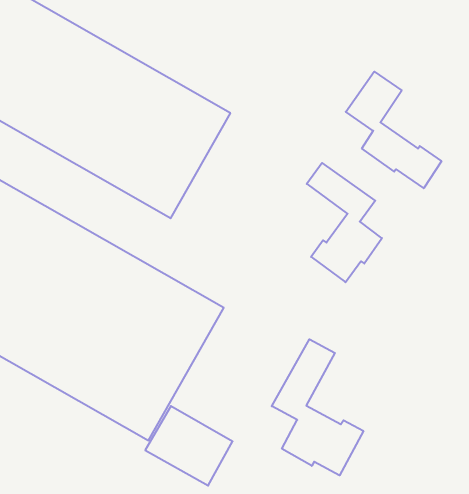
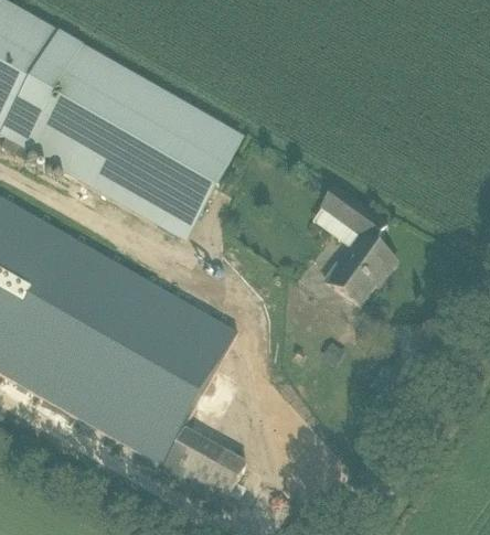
building: [346,72,441,188] -> none
building: [272,339,363,475] -> none

